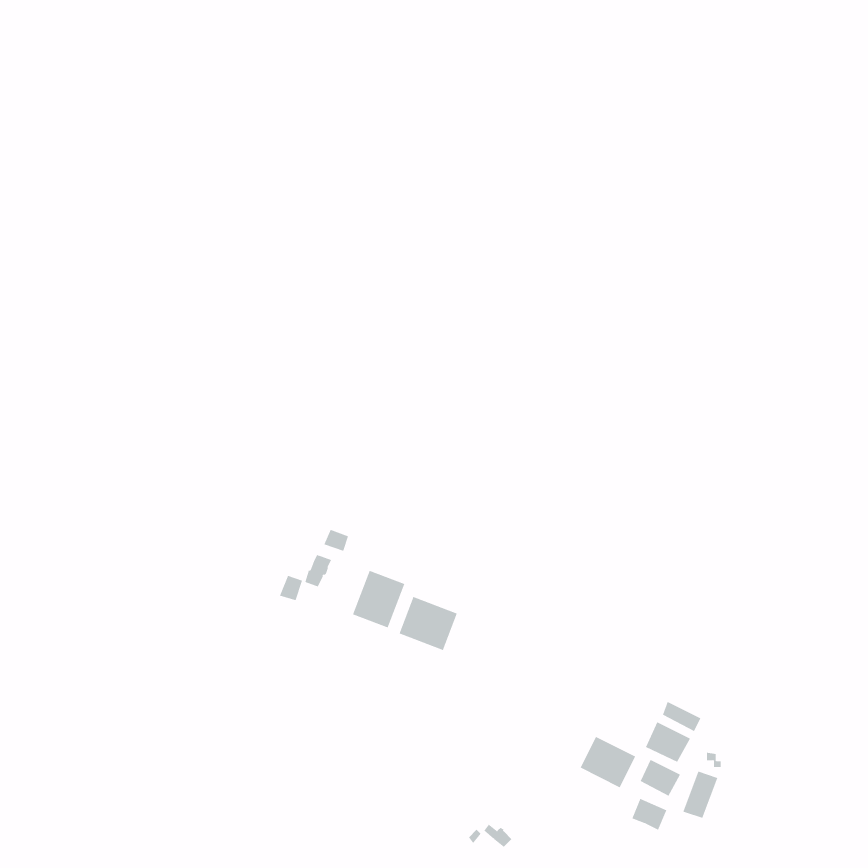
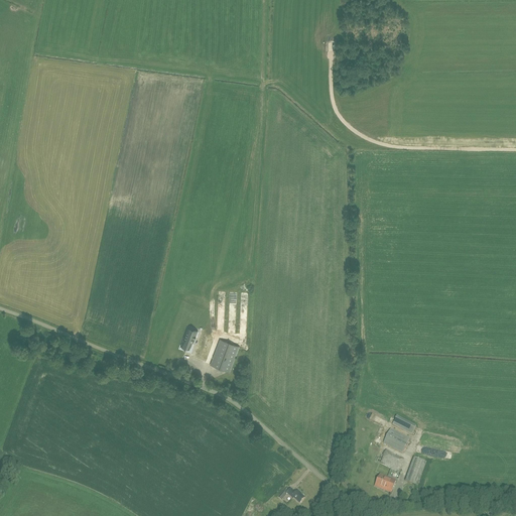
building: [399,596,458,651] -> none
building: [580,736,636,788] -> none

